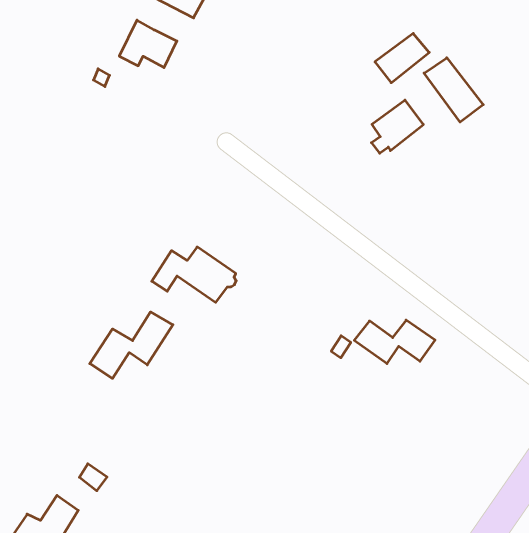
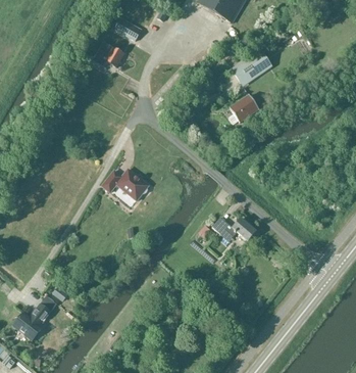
building: [424,58,483,122] -> none
building: [90,312,173,378] -> none

